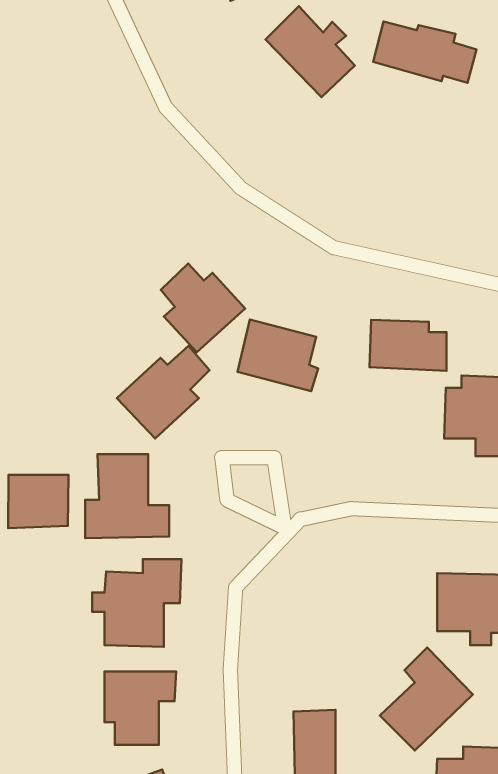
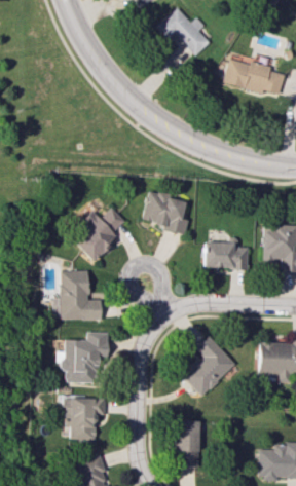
building: [373,22,476,83] -> [224,59,285,95]
building: [161,264,245,352] -> none
building: [369,320,446,371] -> [203,239,249,269]
building: [8,475,69,528] -> none
building: [380,647,473,751] -> [182,335,236,396]

